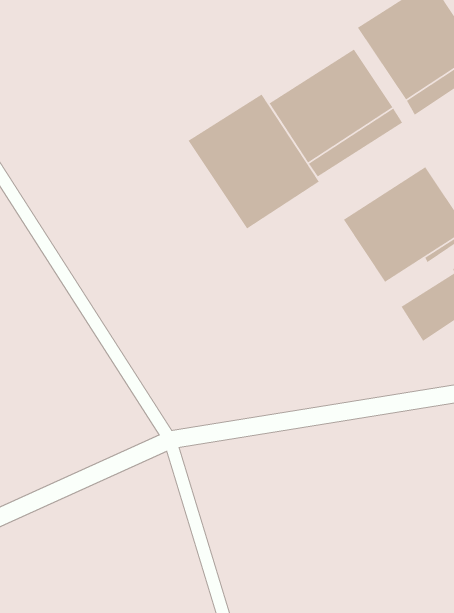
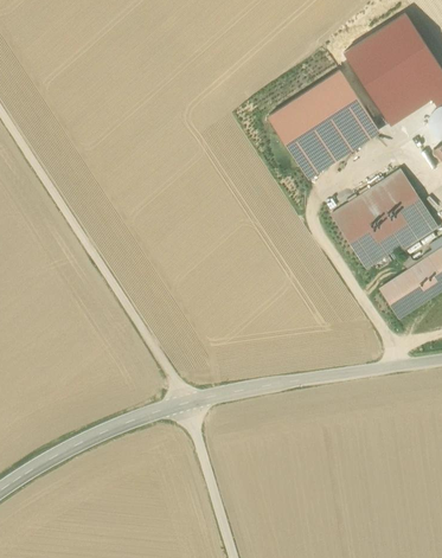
building: [187,93,320,230] -> none

